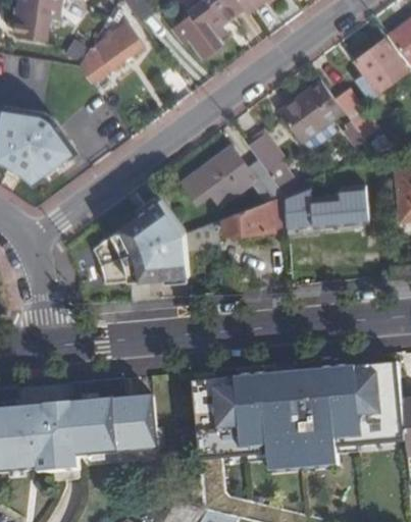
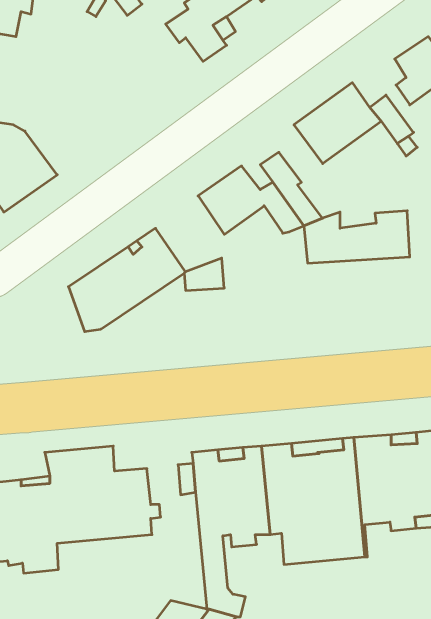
building: [78,25,140,82] -> none
building: [224,201,272,234] -> none
building: [116,234,188,280] -> none

